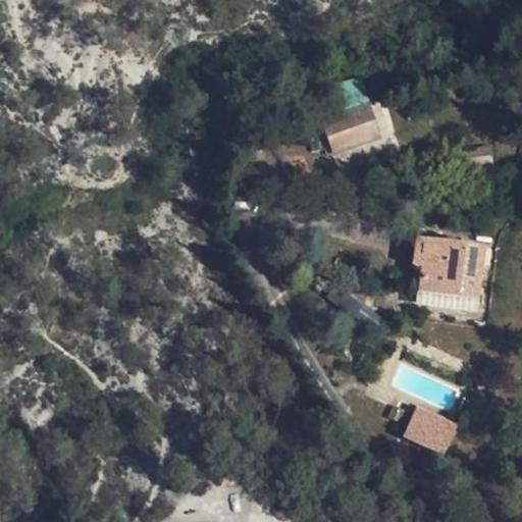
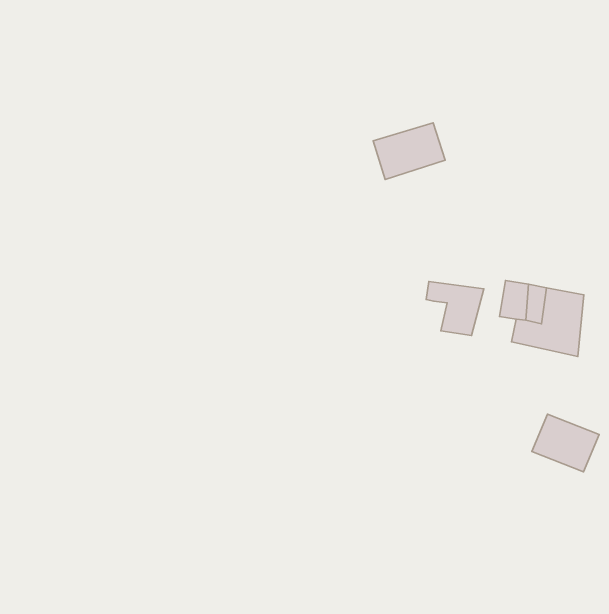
building: none -> [426,281,484,336]
building: [397,405,454,454] -> [532,414,599,472]

